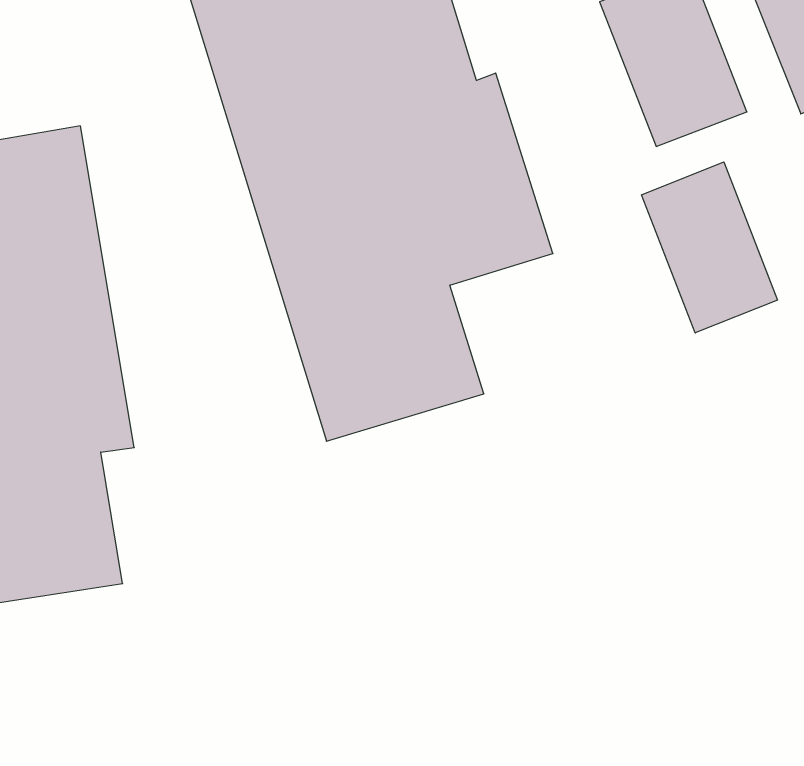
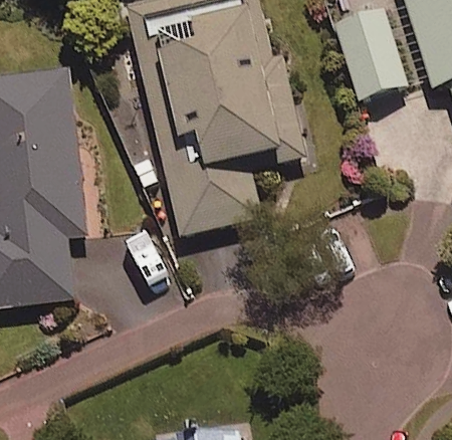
building: [641,162,778,333] -> none

